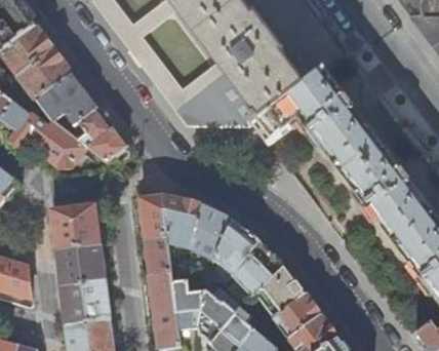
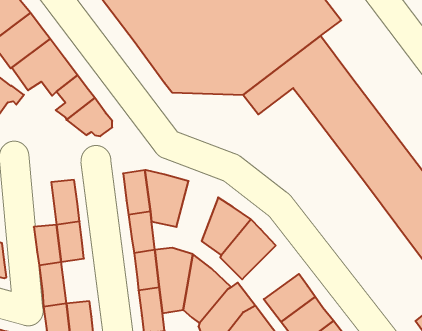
building: [40,120,86,167] -> none
building: [191,206,230,263] -> none
building: [52,207,78,249] -> none
building: [255,267,306,317] -> none
building: [82,279,109,321] -> none

